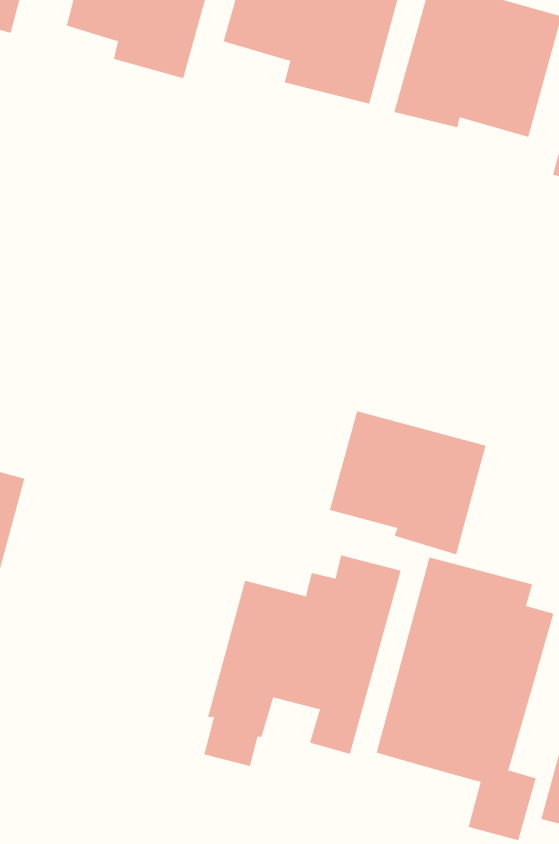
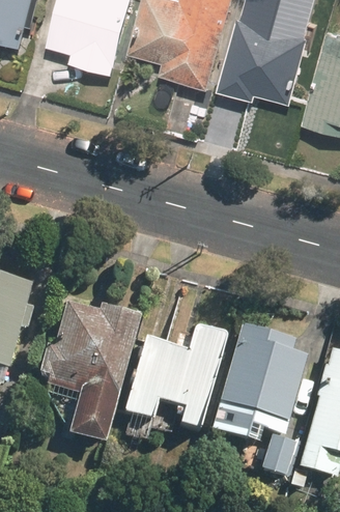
building: [329,411,486,555] -> none
building: none -> [41,303,137,439]

